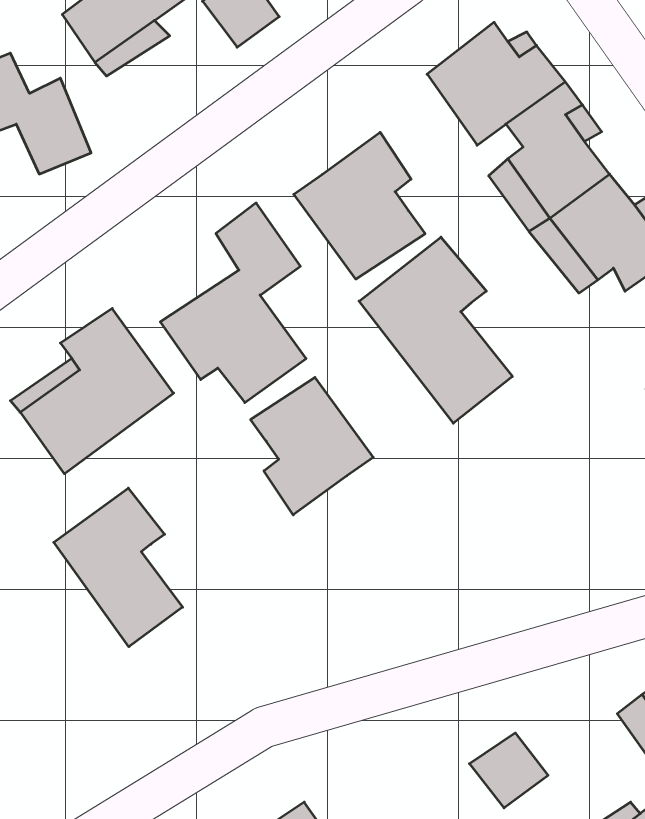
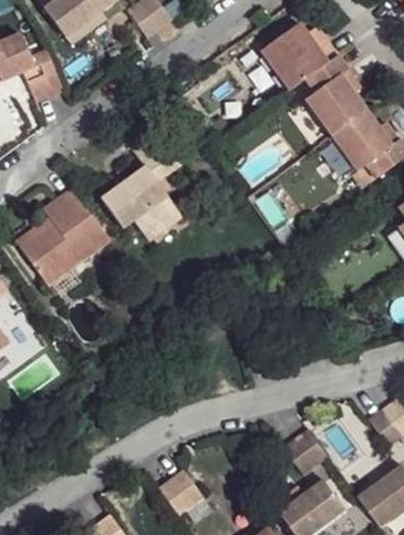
building: [294,132,425,279] -> none
building: [359,237,512,423] -> none
building: [251,377,373,515] -> none
building: [54,488,183,647] -> none

